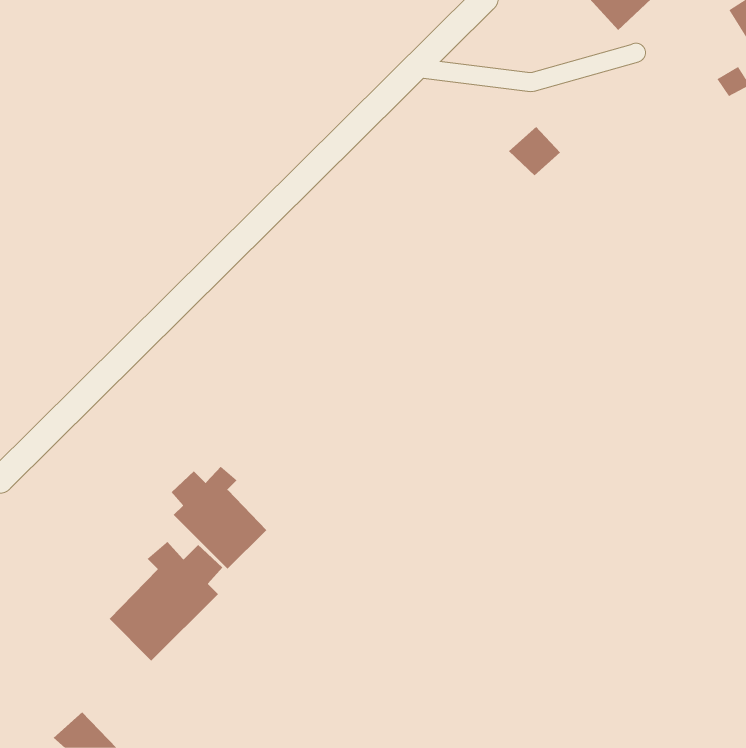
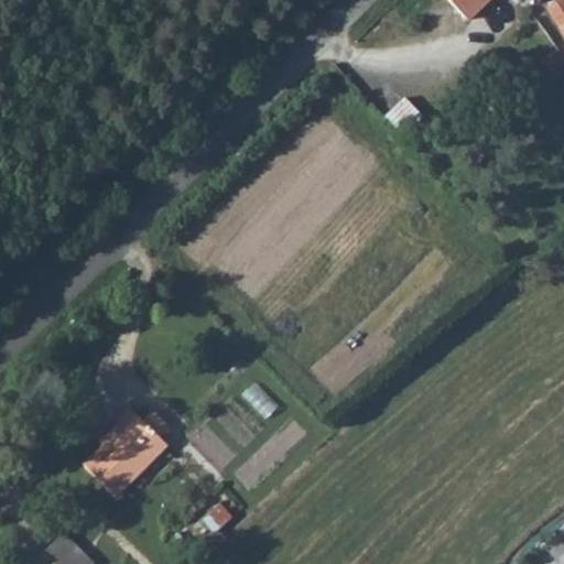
building: [171,466,267,570] -> none

